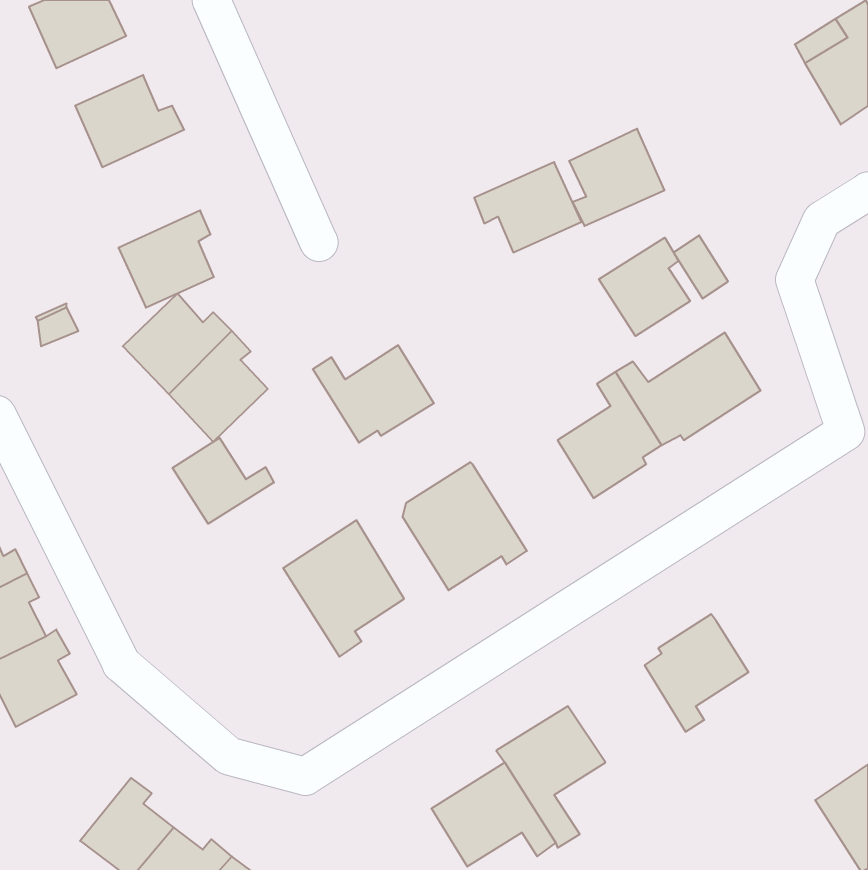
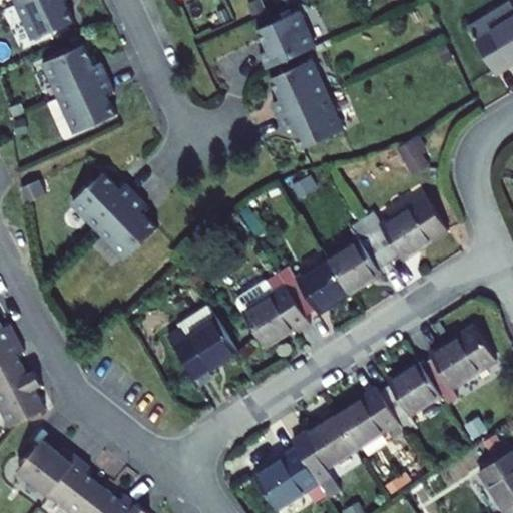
building: none -> [256,14,310,69]
building: [569,129,665,226] -> [270,60,326,117]
building: [118,210,214,308] -> [60,77,116,134]
building: [599,238,690,336] -> none
building: [313,345,434,443] -> [278,260,349,317]
building: [173,438,274,524] -> none
building: none -> [421,327,496,403]
building: none -> [334,388,403,449]
building: none -> [17,440,77,495]

